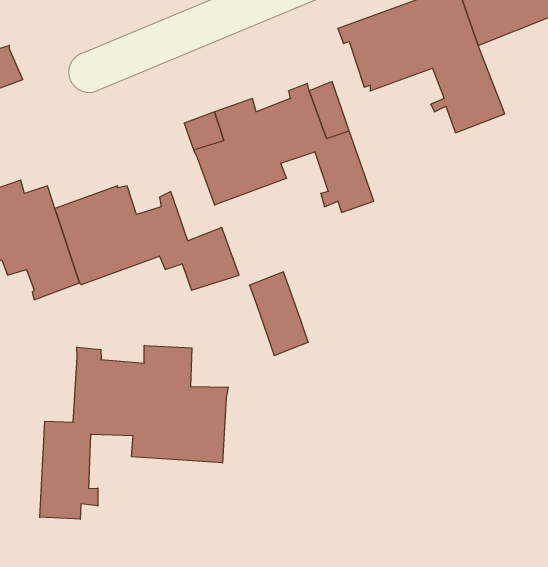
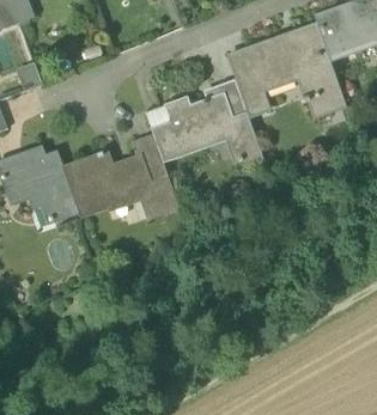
building: none -> [226,51,268,116]
building: [249,272,308,355] -> [130,133,168,185]
building: [40,345,228,519] -> none

